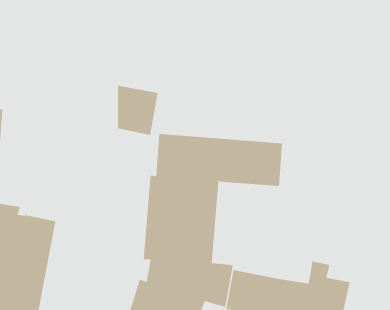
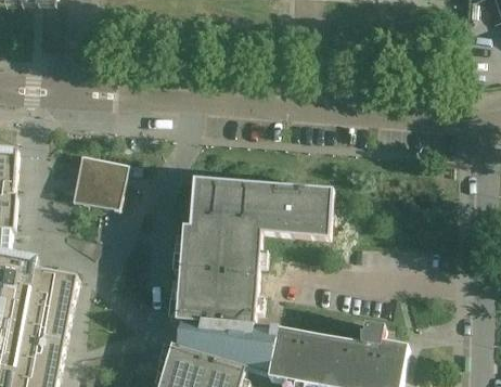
building: [117,85,159,135] -> [80,154,127,210]

